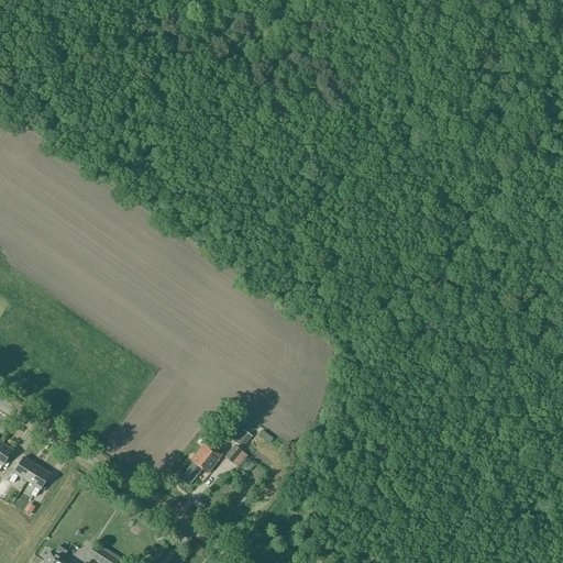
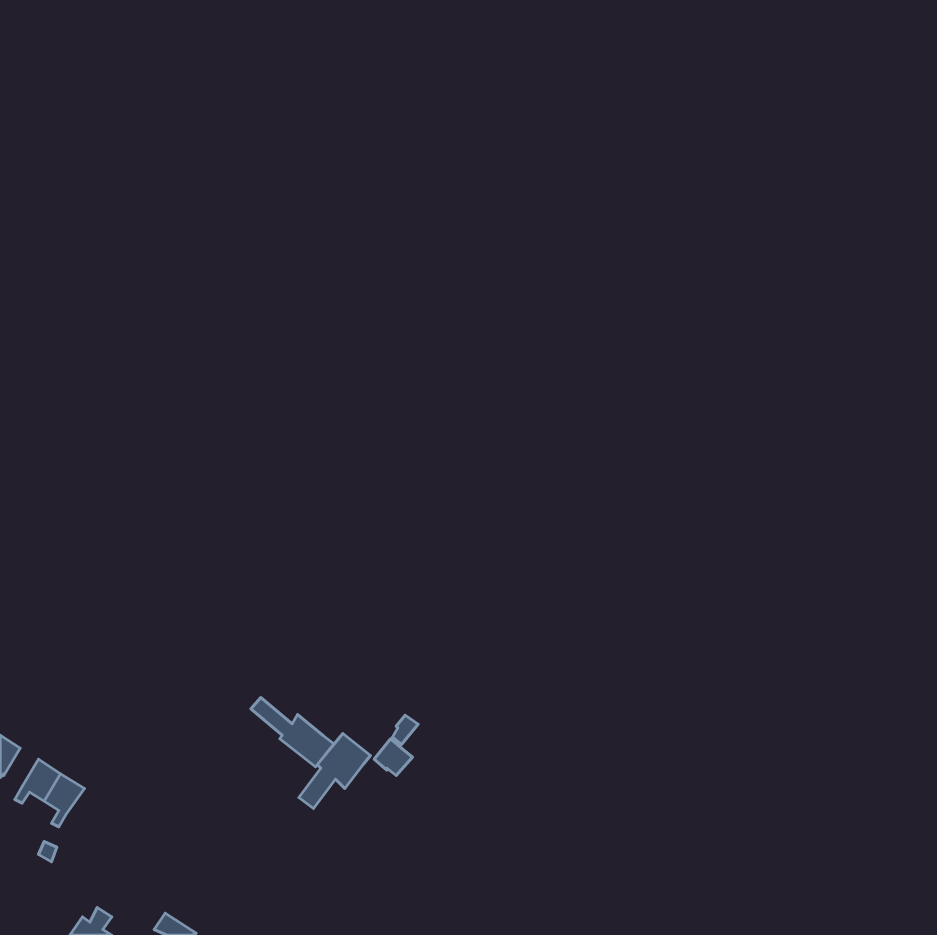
building: none -> [251,697,334,767]

